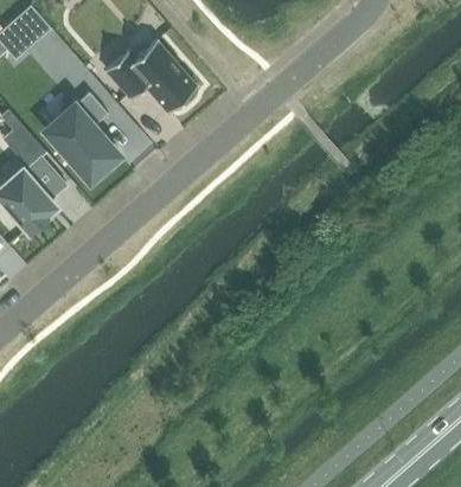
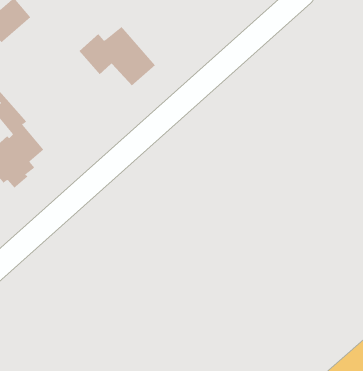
building: [46,94,119,180] -> none

